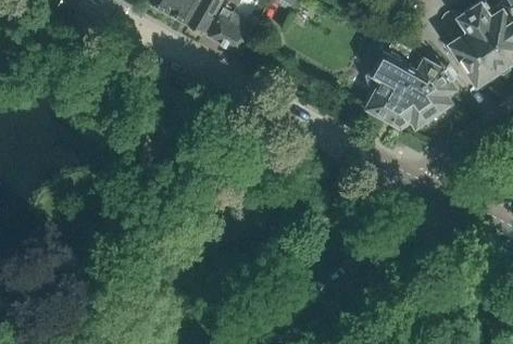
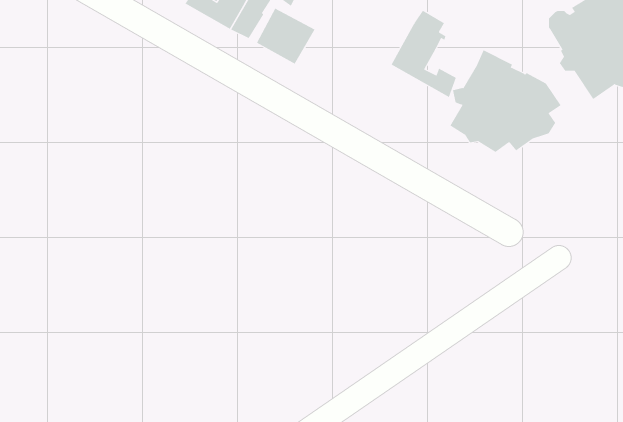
building: none -> [391,10,456,98]

